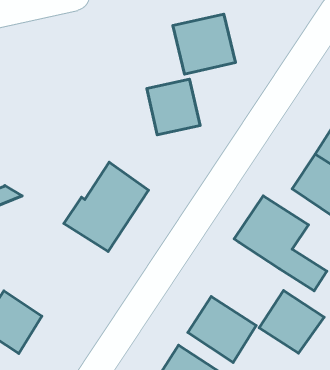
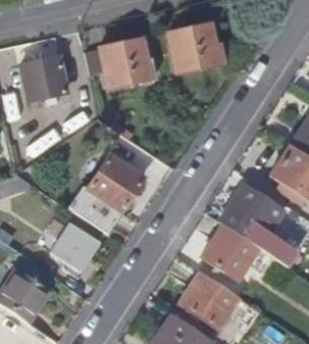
building: none -> [20,56,67,99]
building: [147,79,200,135] -> [103,37,150,86]
building: none -> [51,223,96,267]
building: [259,291,324,353] -> [203,223,260,278]

